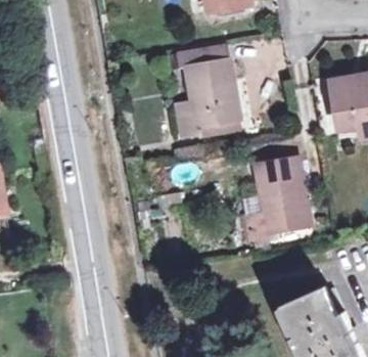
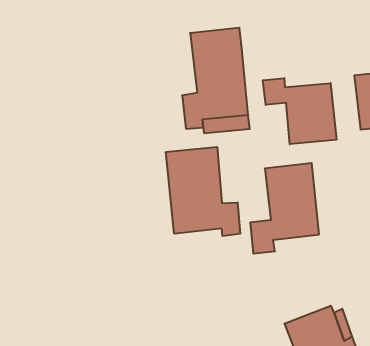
building: none -> [263,78,336,144]
building: none -> [166,147,240,236]

